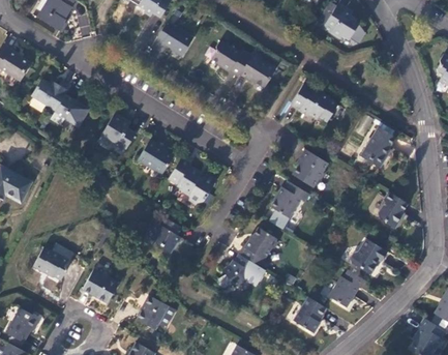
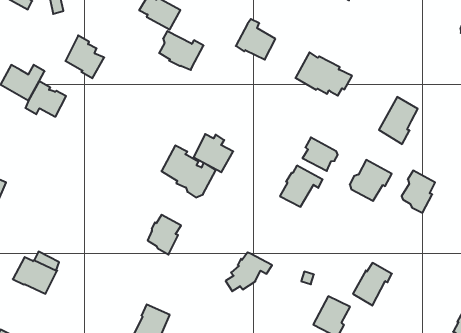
building: [211,40,250,76] -> [159,31,204,70]
building: [101,113,136,151] -> [65,35,104,78]
building: [138,140,173,174] -> [193,134,233,172]
building: [241,228,276,270] -> none
building: [350,238,387,274] -> [350,160,392,201]
building: [82,269,118,303] -> none

